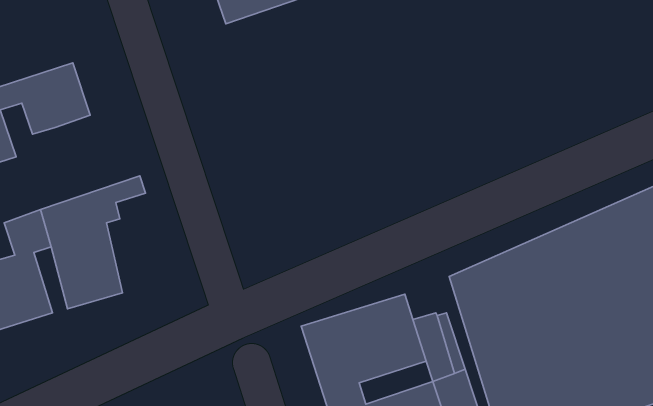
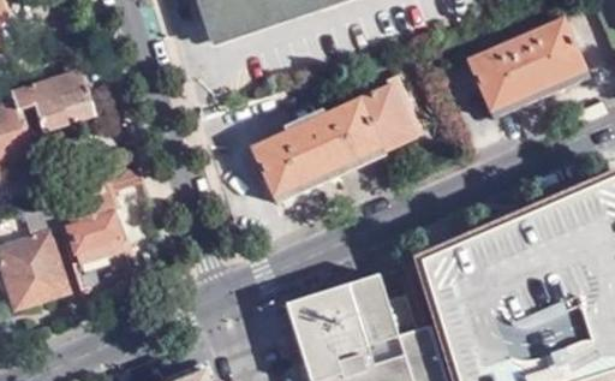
building: none -> [468,17,589,118]
building: none -> [252,84,413,201]

